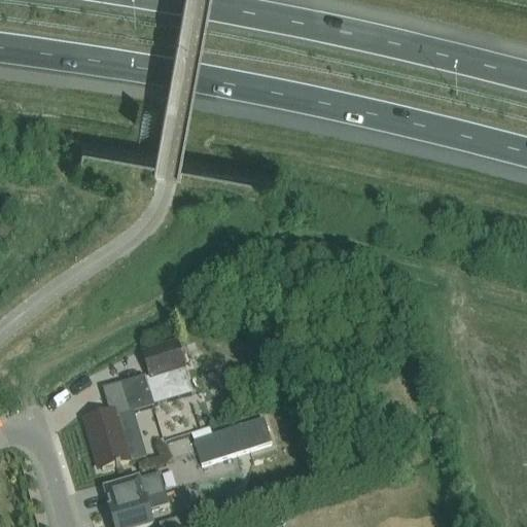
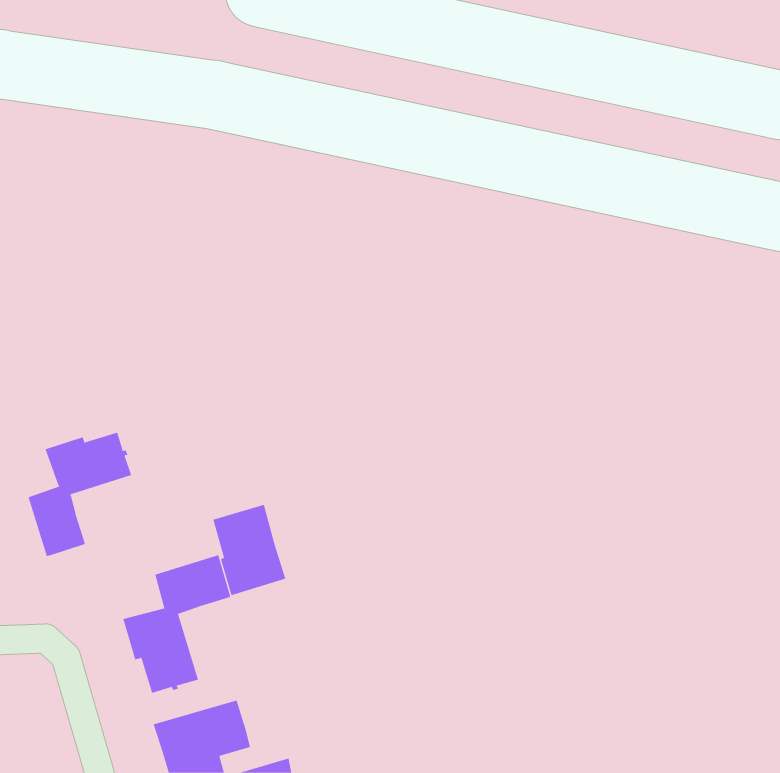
building: none -> [28,432,132,557]
building: [195,417,273,464] -> none

